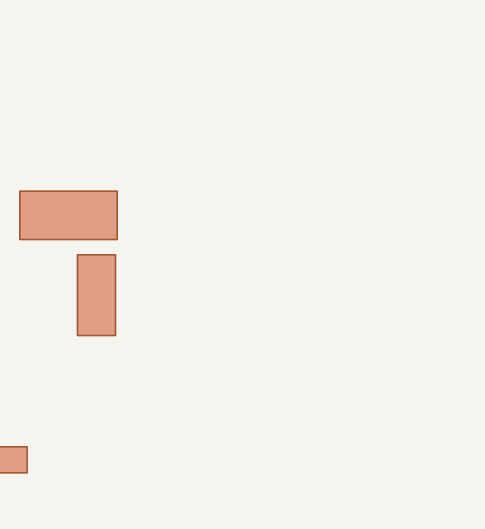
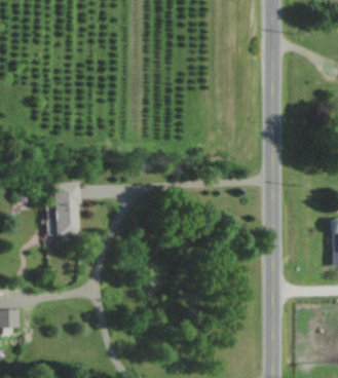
building: [20,191,117,240] -> none

